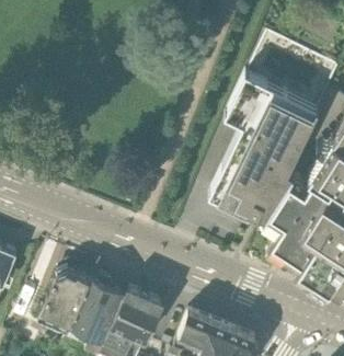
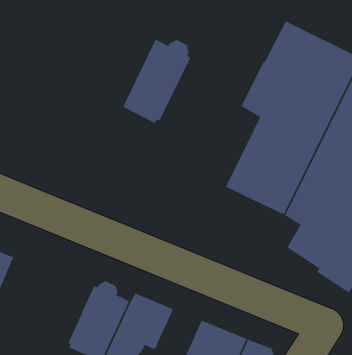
building: none -> [122,39,191,124]
building: [41,269,92,334] -> none

